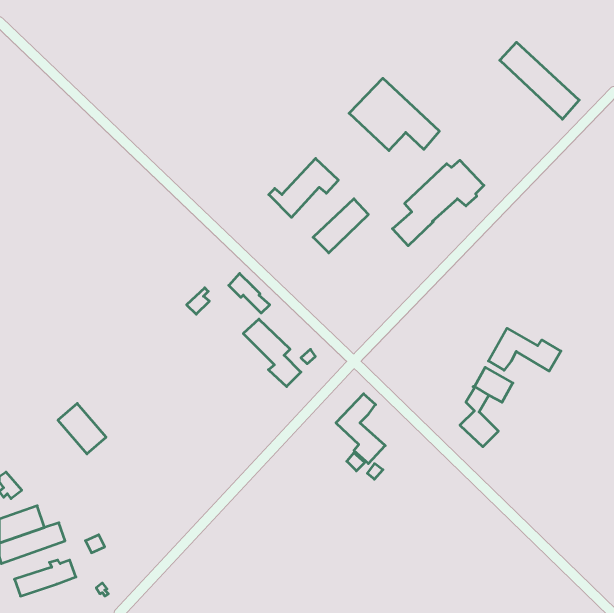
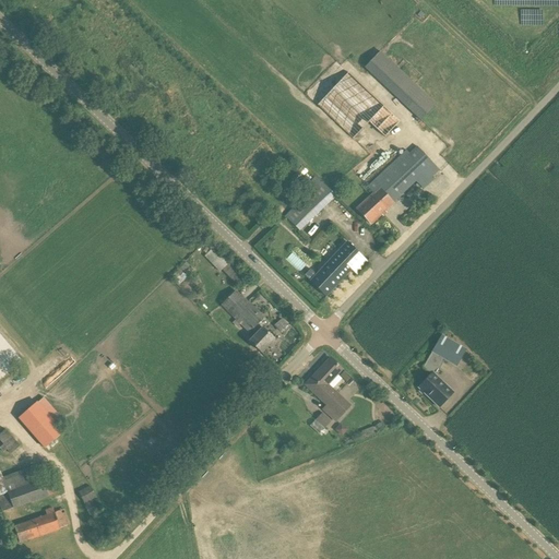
building: [500,42,579,119] -> [362,48,435,118]
building: [269,158,338,217] -> [304,241,367,295]
building: [488,328,561,371] -> none
building: [58,403,106,454] -> [19,401,62,447]

